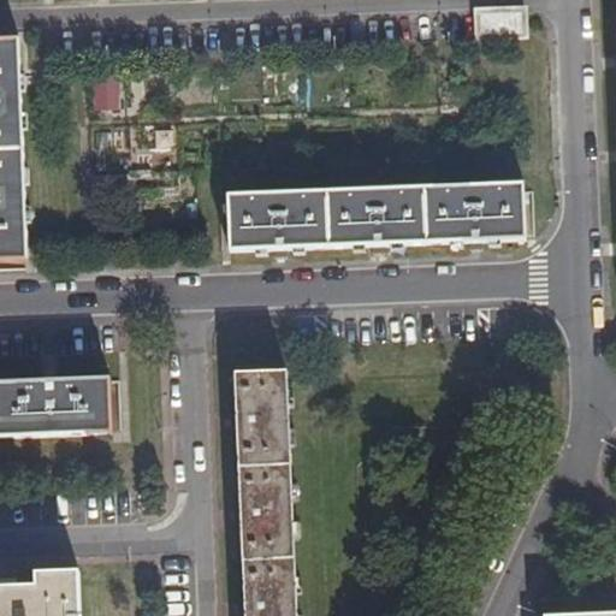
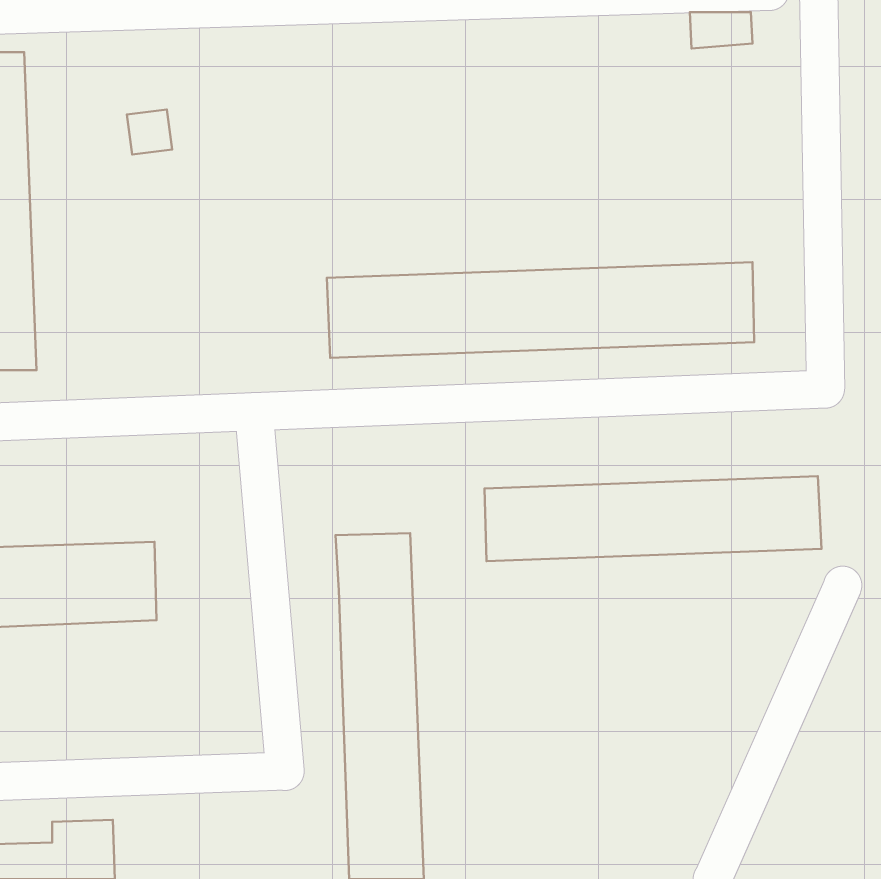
building: none -> [484,476,821,561]

